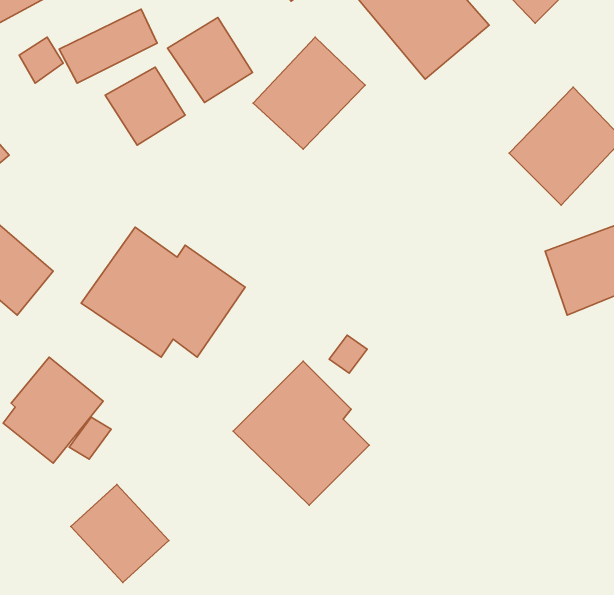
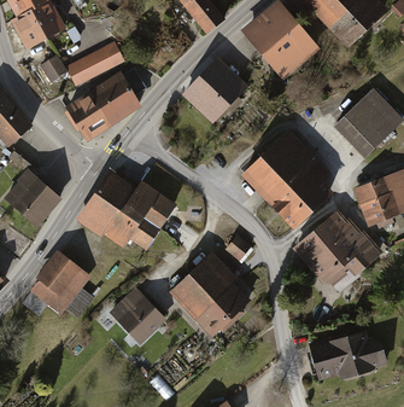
building: [167,17,252,102] -> none
building: none -> [68,91,111,136]
building: none -> [240,126,335,228]
building: none -> [294,210,382,284]
building: [71,484,169,582] -> [106,289,165,348]
building: none -> [309,328,387,384]

